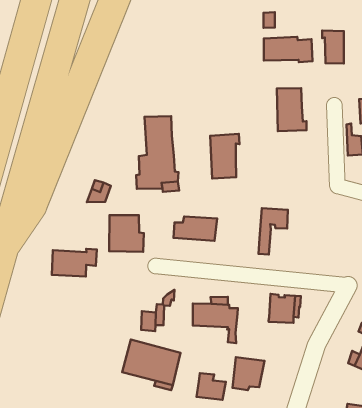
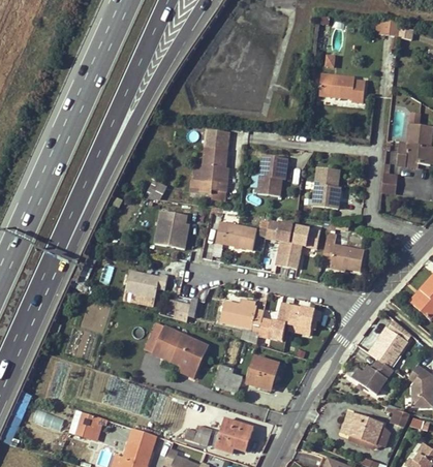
building: [322,30,344,63] -> none
building: [277,88,307,131] -> [312,166,339,208]
building: none -> [266,221,293,267]
building: none -> [320,232,363,271]
building: [52,249,97,277] -> [124,270,167,298]
building: none -> [257,302,293,340]

